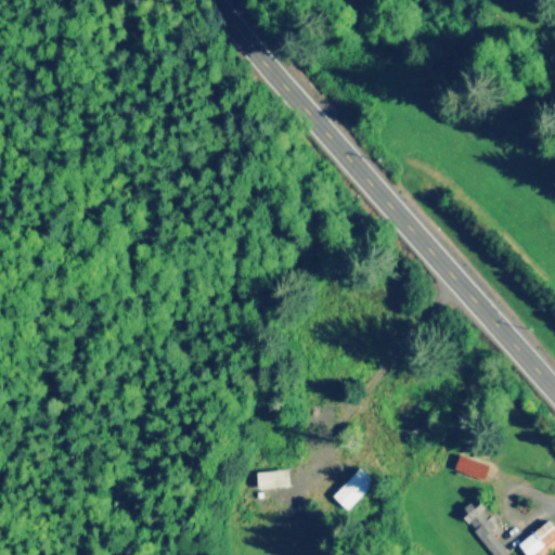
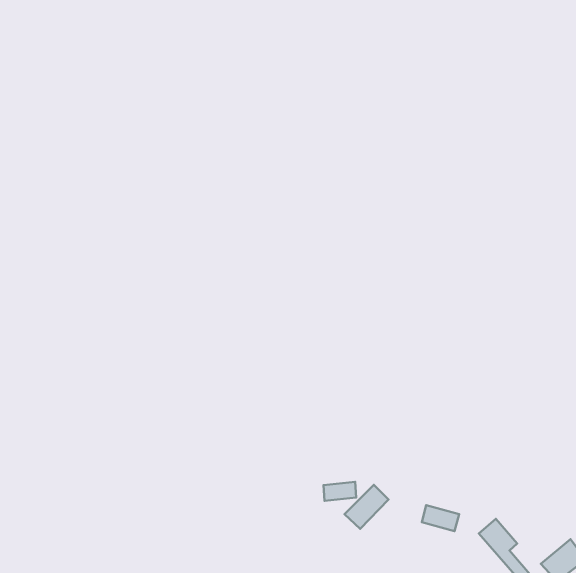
building: [454,456,490,481] -> [422,505,459,531]
building: [257,472,288,490] -> [323,482,356,501]

